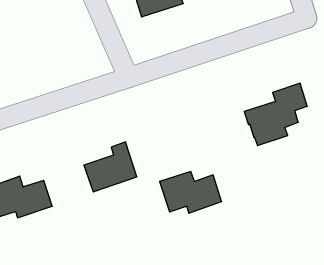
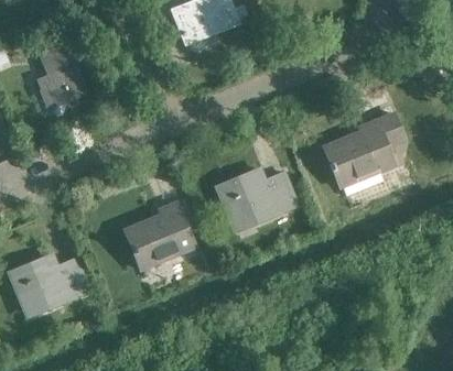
building: none -> [36,42,88,110]
building: [160,172,222,213] -> [217,170,298,222]

